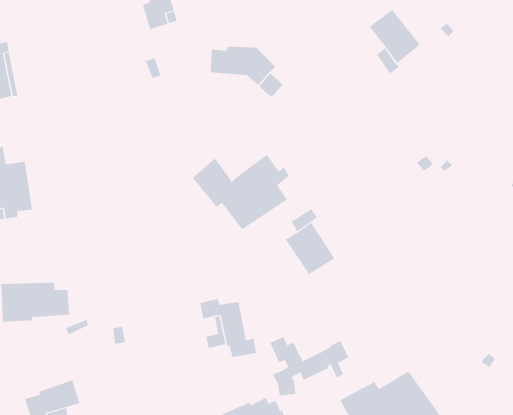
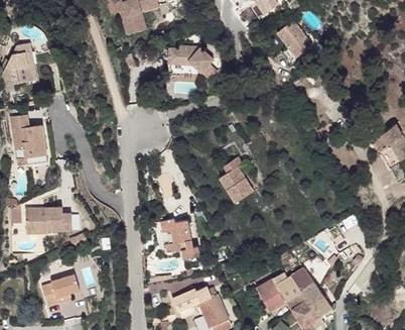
building: [192,154,290,230] -> none
building: [269,336,349,396] -> none

